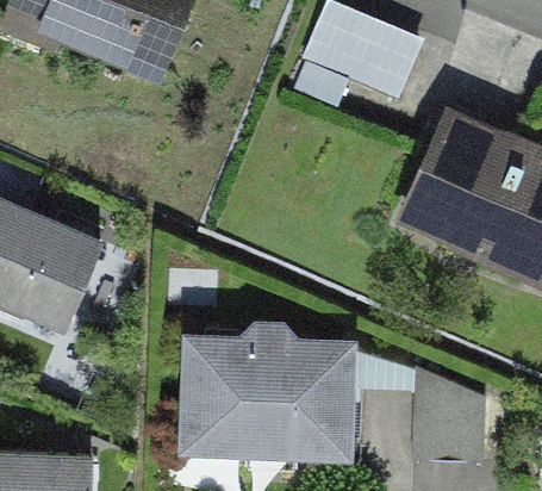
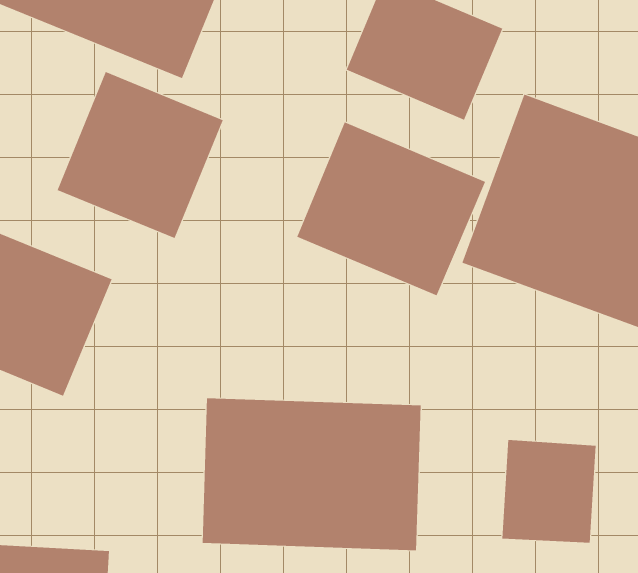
building: none -> [57,71,223,239]
building: none -> [297,122,486,296]

